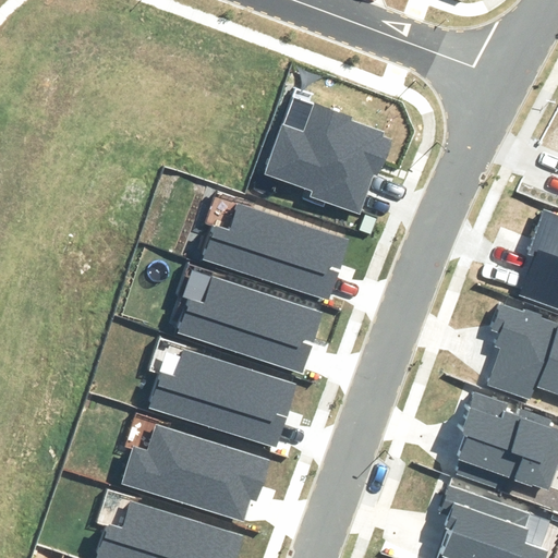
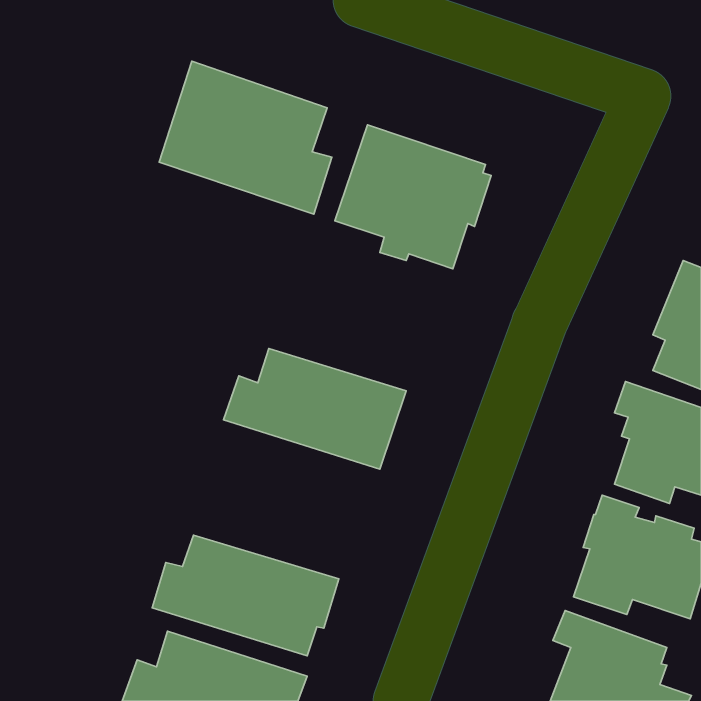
building: none -> [159,61,332,214]
building: [202,199,350,300] -> none
building: [148,350,296,450] -> none

